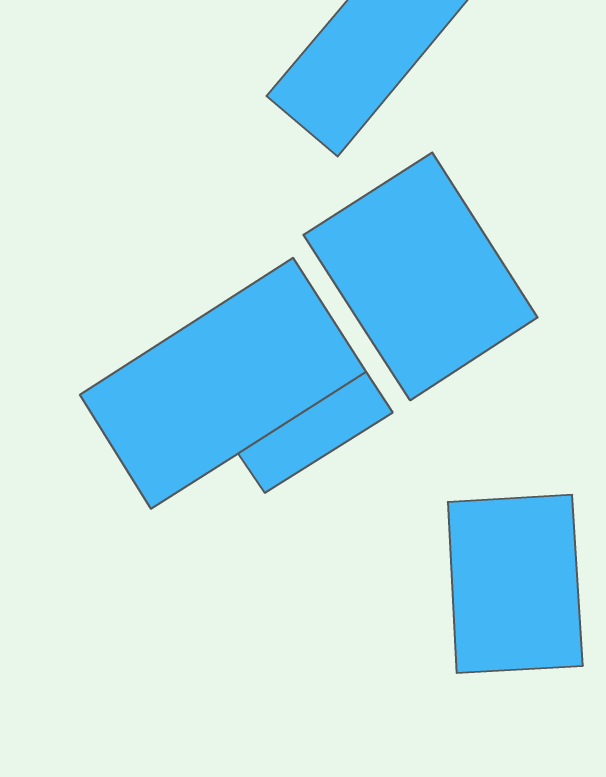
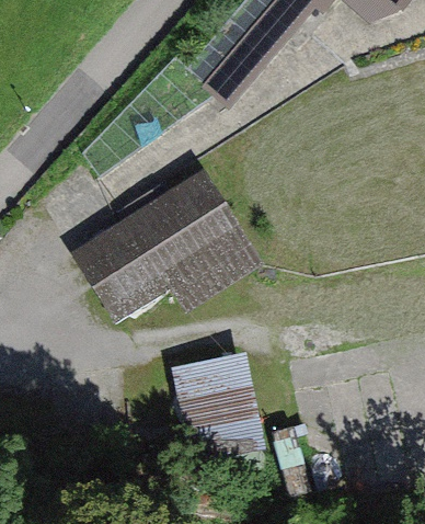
building: [303,152,538,400] -> none
building: [448,495,583,673] -> [176,357,260,467]

